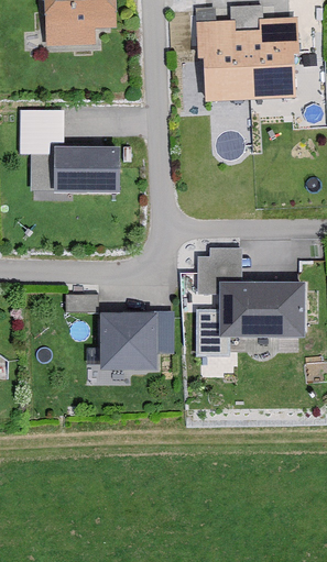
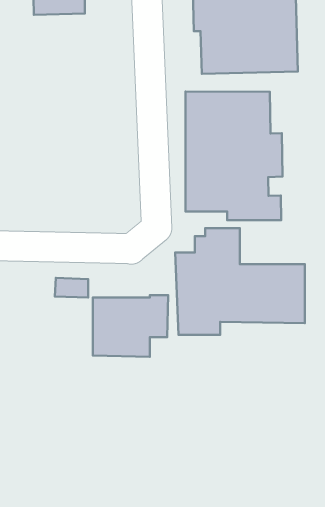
building: [19,110,119,194] -> none
building: none -> [185,91,283,220]

